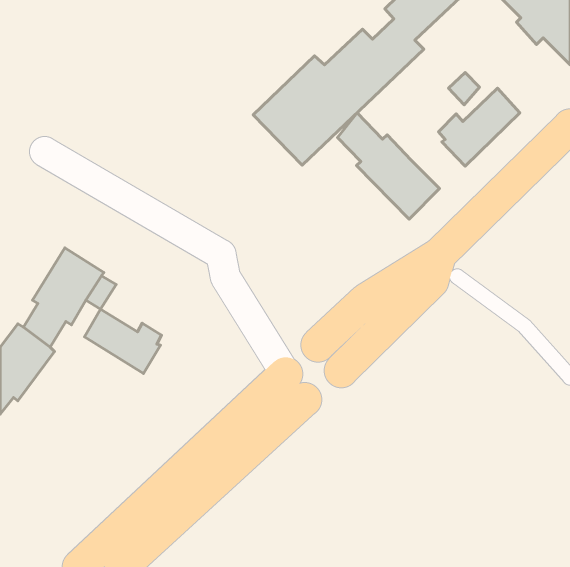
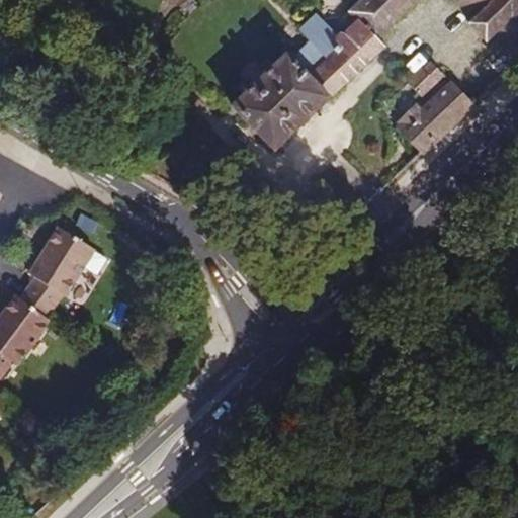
building: [337,113,440,219] -> none
building: [85,309,162,373] -> none

